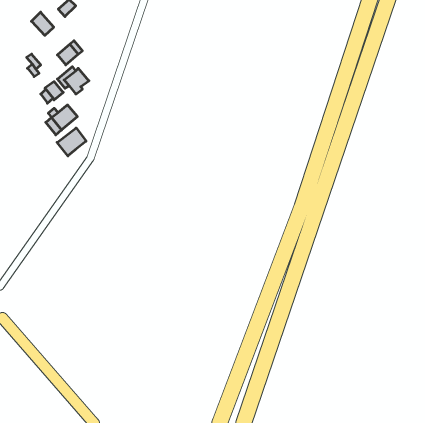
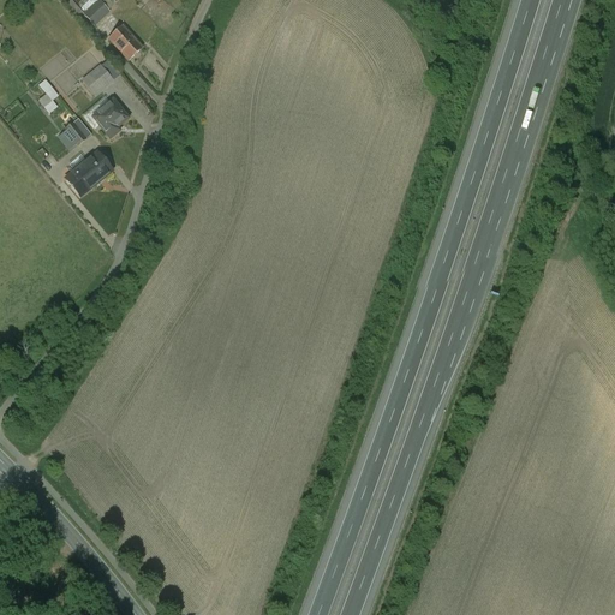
building: [31,12,54,35] -> [109,24,142,58]
building: [57,128,86,156] -> none

